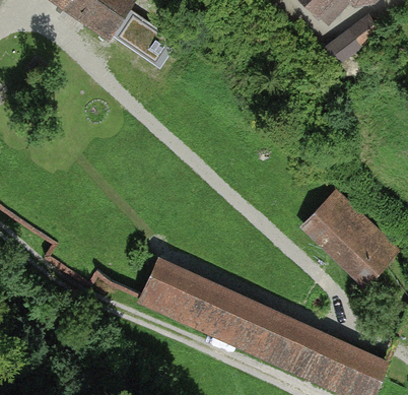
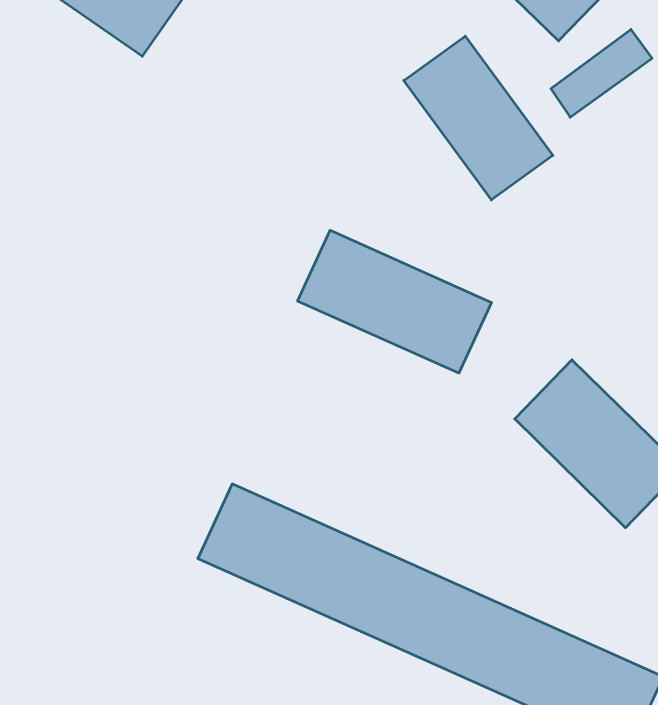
building: none -> [404,36,553,200]
building: none -> [298,230,491,373]

